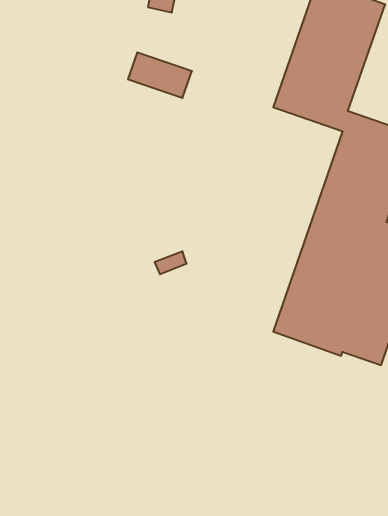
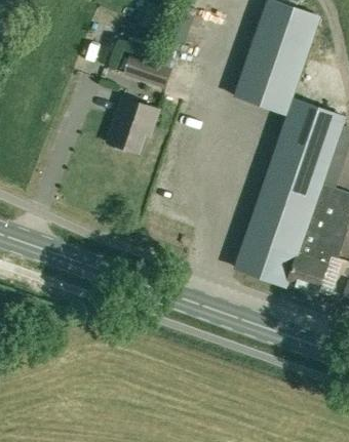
building: none -> [108,96,158,153]

